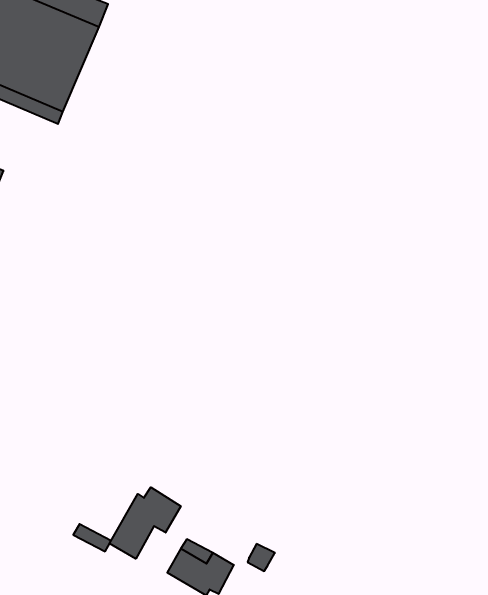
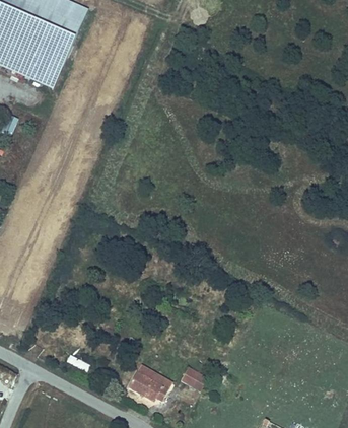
building: [110,487,181,559] -> none

